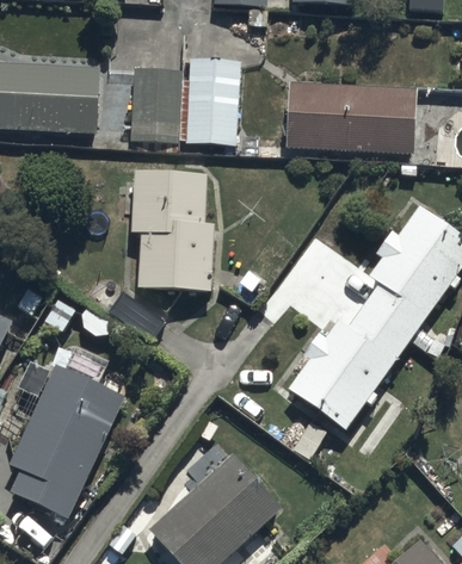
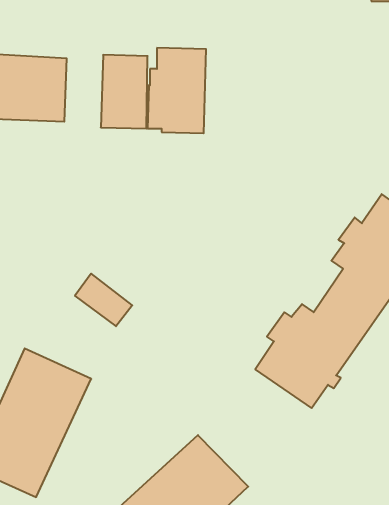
building: [288,83,417,154] -> none
building: [134,172,215,290] -> none

